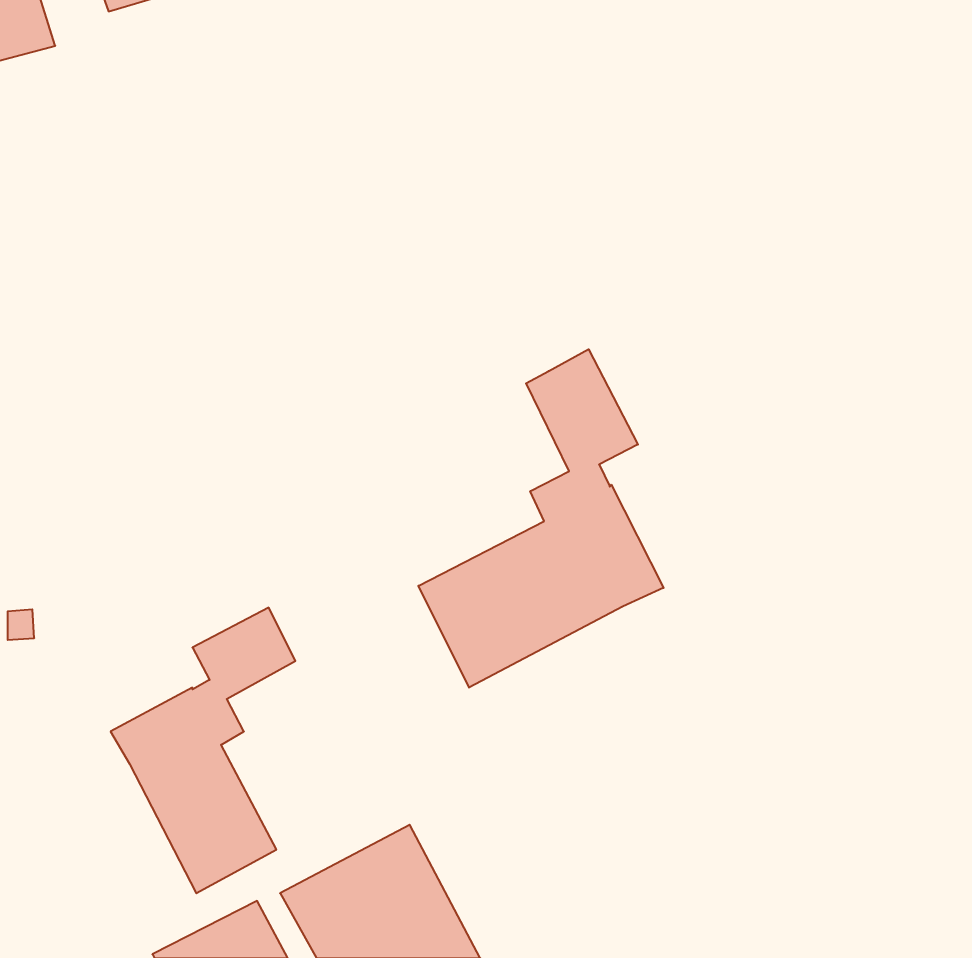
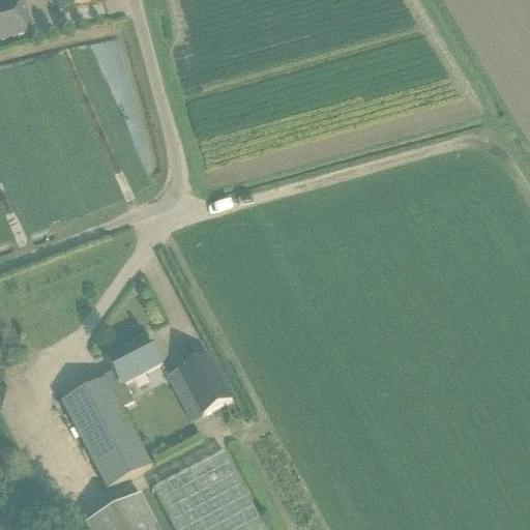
building: [418,349,664,688] -> none
building: none -> [166,350,231,418]

